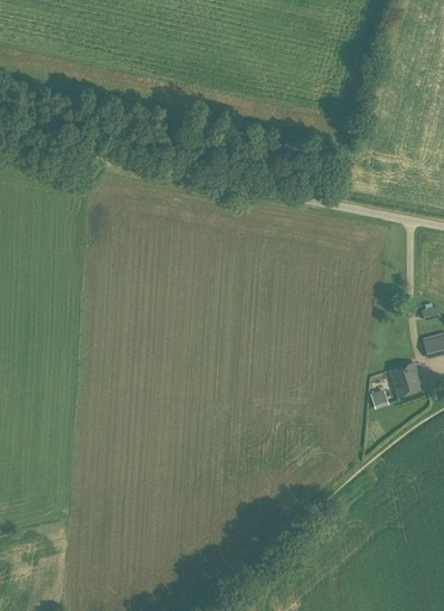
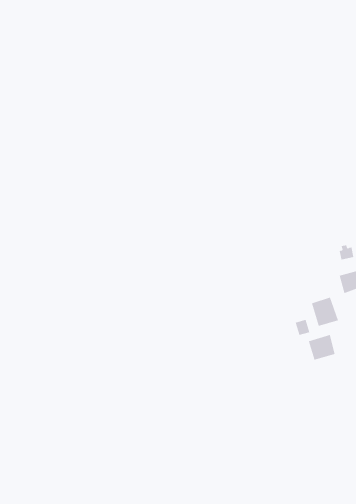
building: none -> [308,334,335,361]

